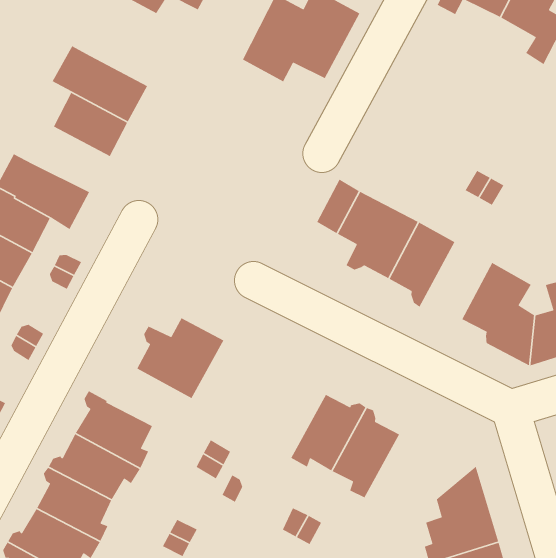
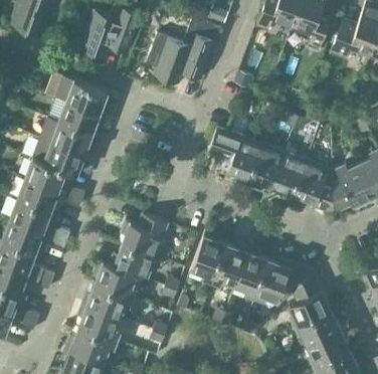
building: none -> [39,118,91,154]
building: none -> [269,153,305,194]
building: none -> [190,231,225,282]
building: none -> [109,245,154,279]
building: none -> [254,260,312,302]

